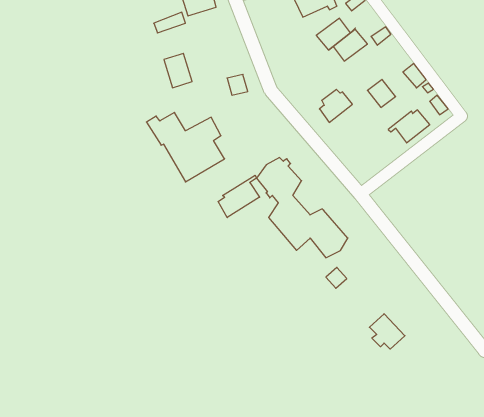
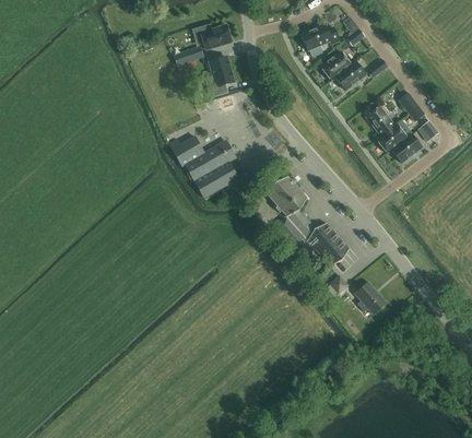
building: [164,53,192,88] -> [209,56,234,86]
building: [319,89,352,122] -> [376,121,405,151]
building: [218,175,260,218] -> none
building: [369,314,405,349] -> [354,282,386,313]

